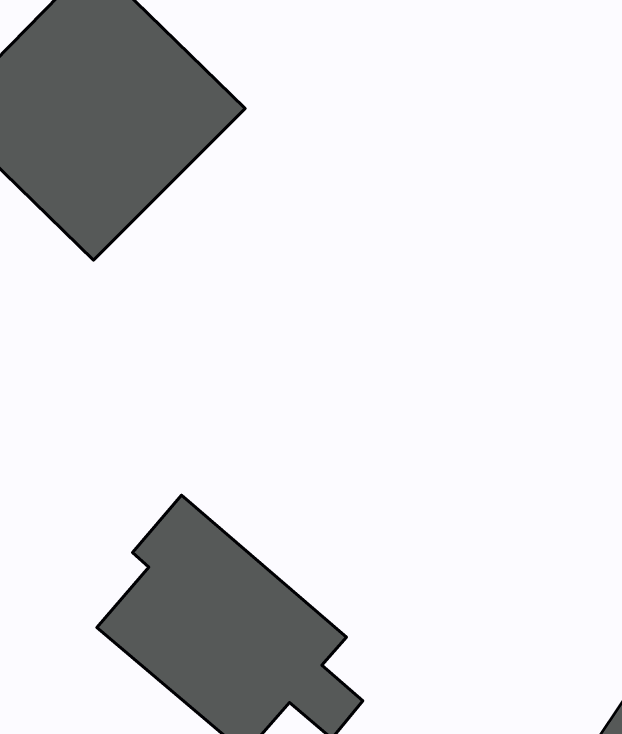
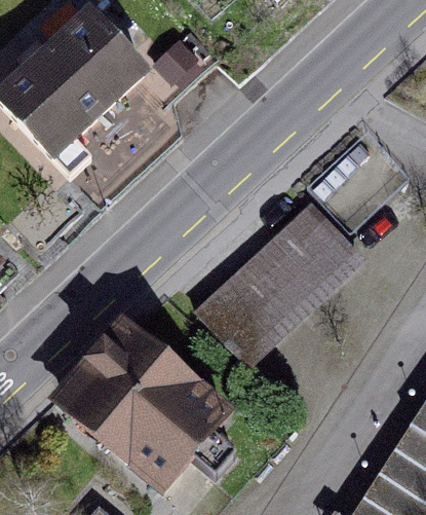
building: none -> [198,203,356,354]

